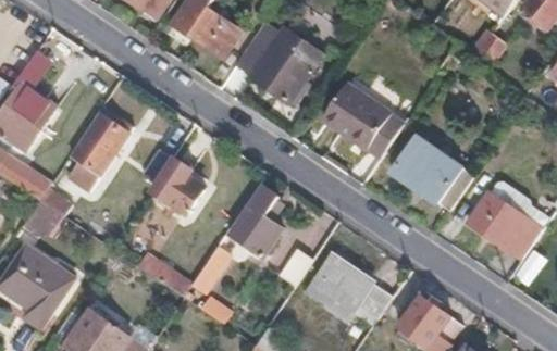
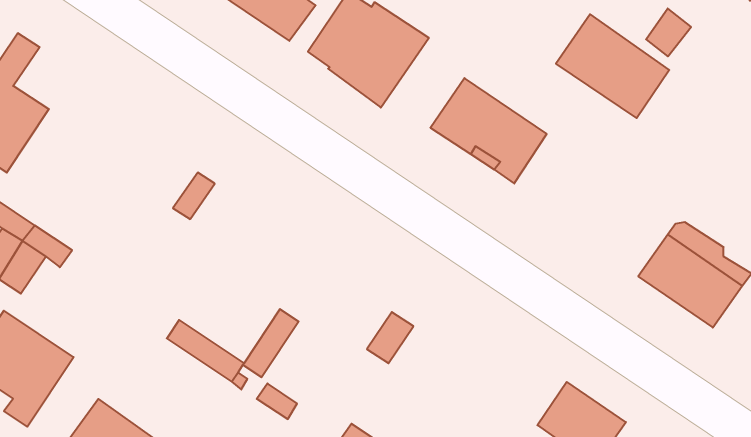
building: [66,109,127,189] -> none
building: [393,137,472,210] -> [556,14,669,118]
building: [153,159,207,215] -> none
building: [232,186,281,253] -> none
building: [307,253,392,323] -> none

